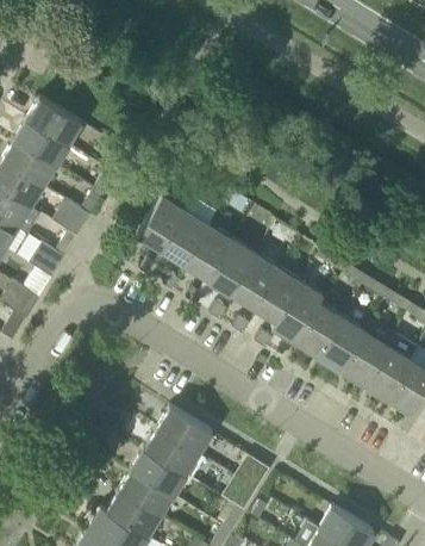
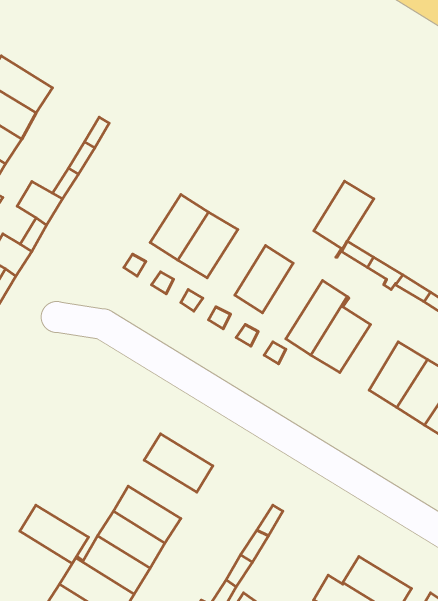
building: [137,196,186,250] -> none
building: [207,240,255,293] -> none
building: [252,267,301,329] -> [314,181,374,257]
building: [315,317,363,371] -> none
building: [143,428,199,476] -> [20,505,88,563]

